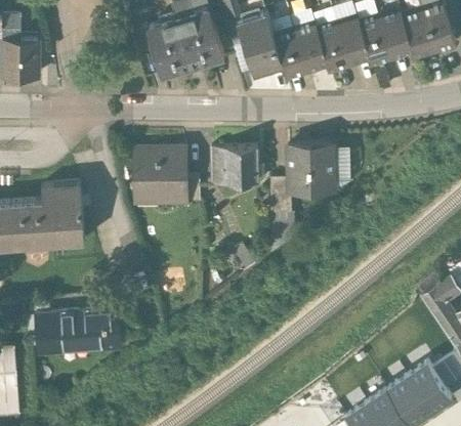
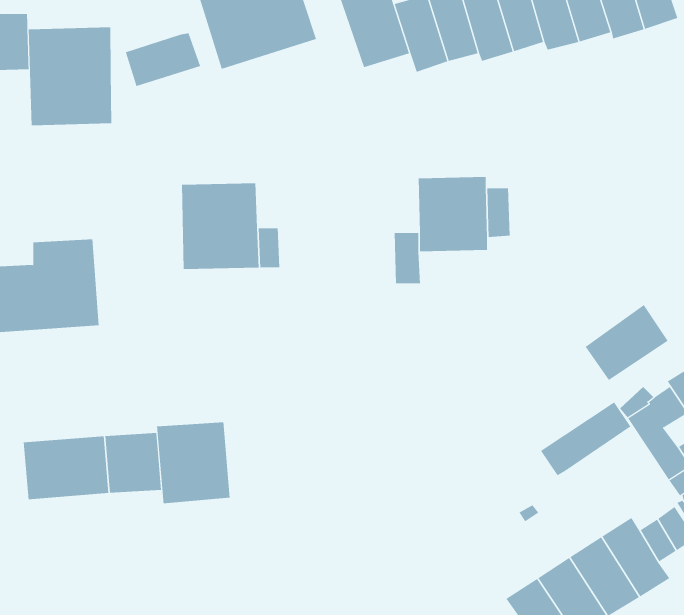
building: none -> [28,27,112,126]
building: none -> [125,32,201,87]
building: [214,148,257,184] -> none
building: none -> [585,304,669,381]
building: none -> [540,401,631,476]
building: none -> [157,422,230,504]

